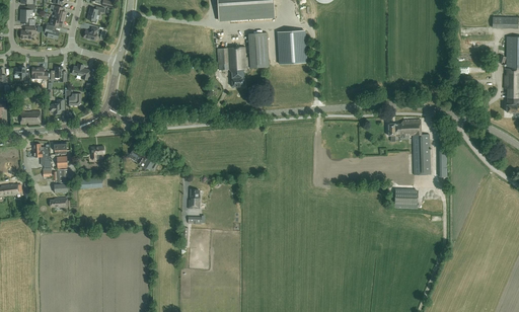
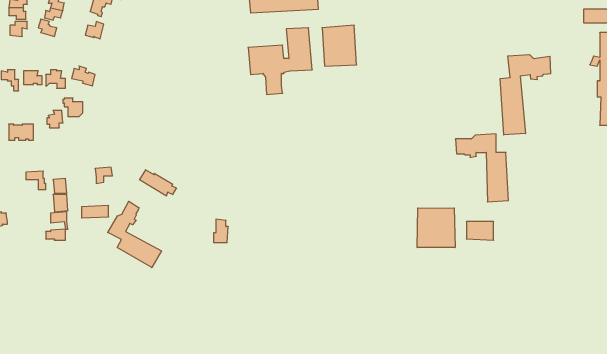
building: none -> [500,55,551,135]
building: none -> [108,201,162,268]
building: none -> [417,208,455,248]

